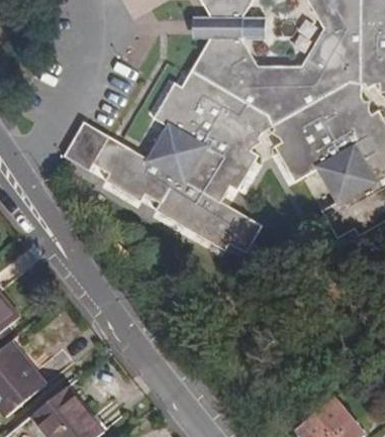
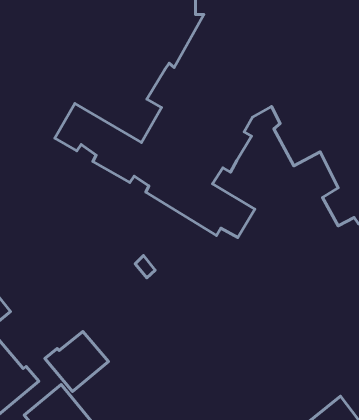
building: none -> [45,331,109,391]

